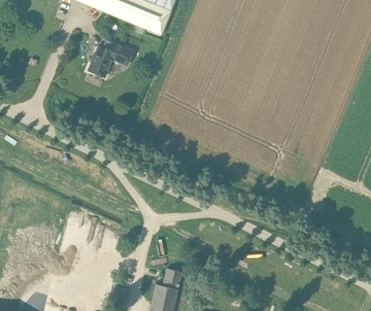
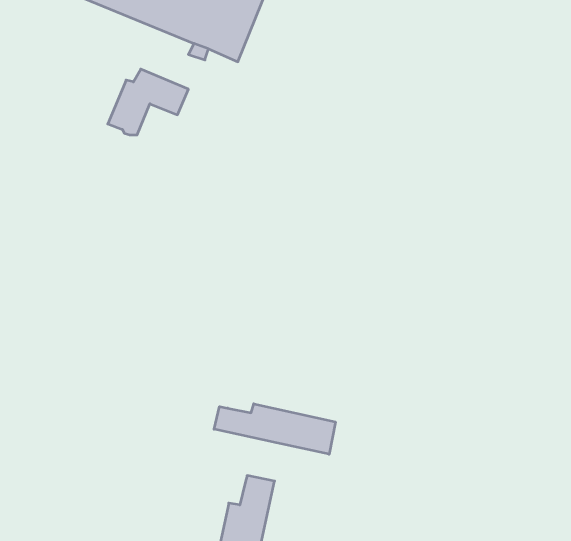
building: none -> [214,404,335,454]

